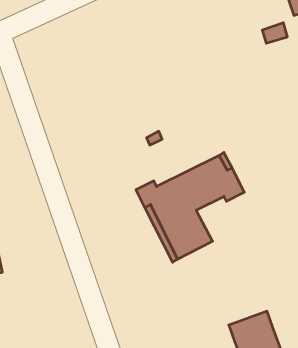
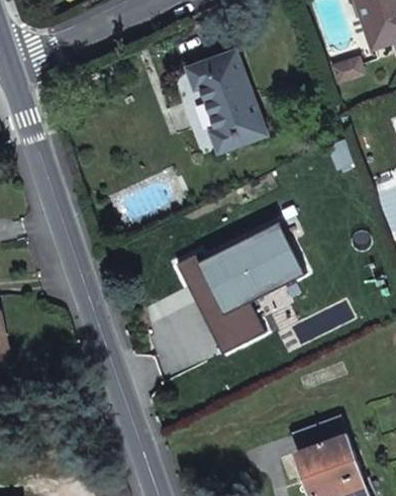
building: none -> [187,52,266,153]

